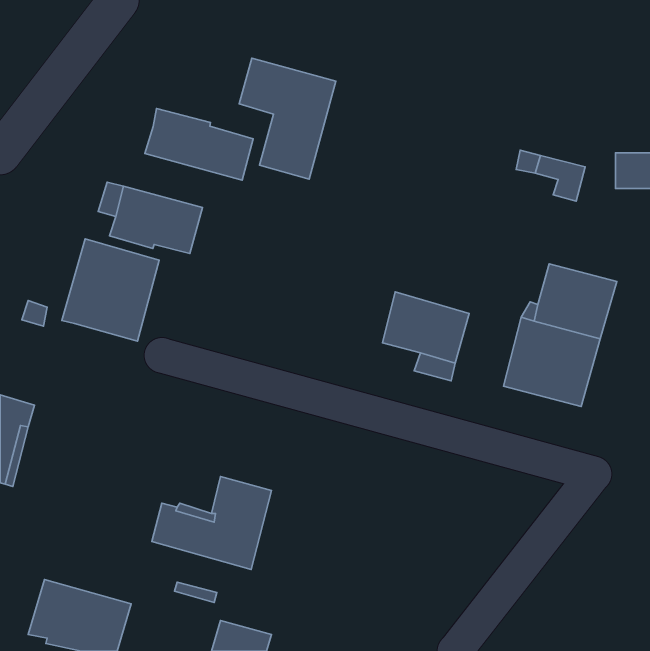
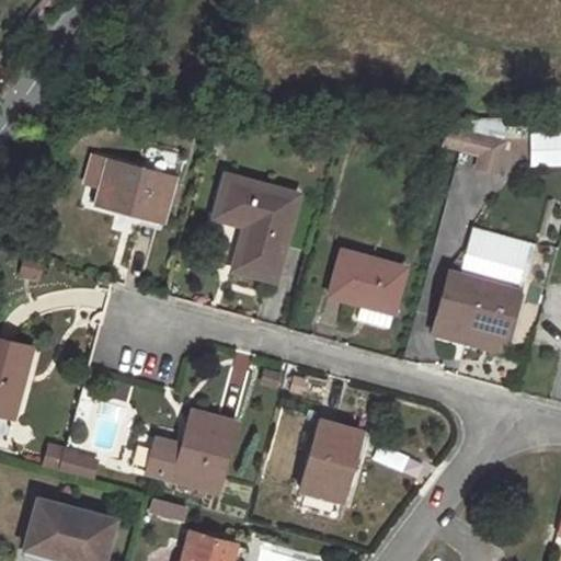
building: [239,58,336,179] -> [215,176,298,280]
building: [145,109,253,180] -> none
building: [62,239,159,341] -> none
building: none -> [301,421,360,502]
building: none -> [44,446,99,477]

